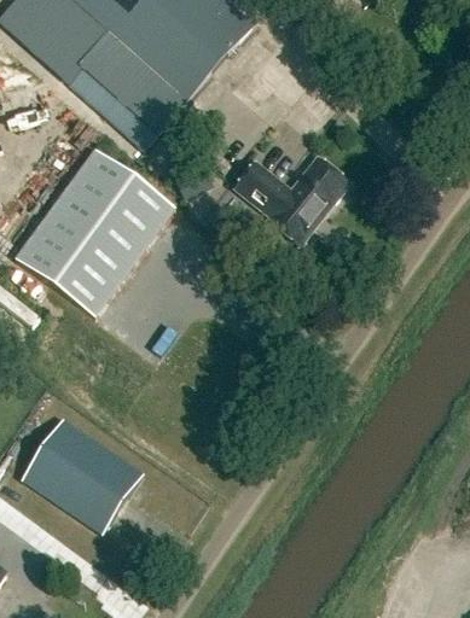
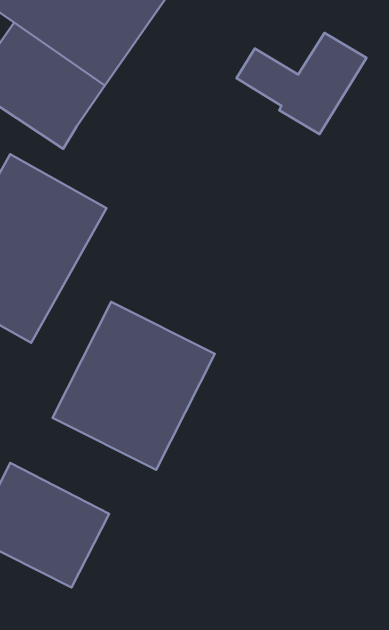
building: [232,158,348,246] -> [237,33,366,134]
building: none -> [53,302,215,470]

